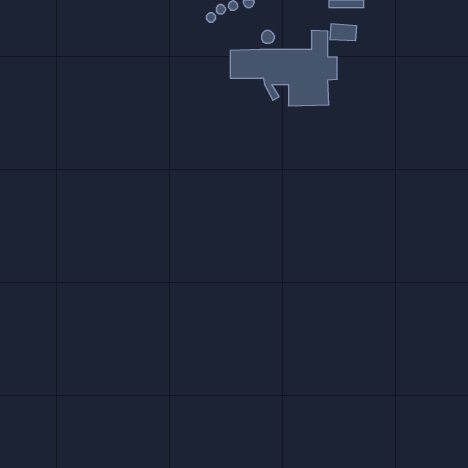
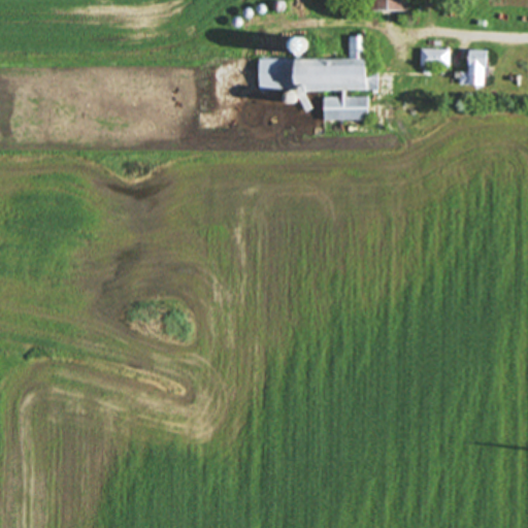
building: [330,24,357,41] -> [419,47,449,66]
building: none -> [455,50,488,84]

